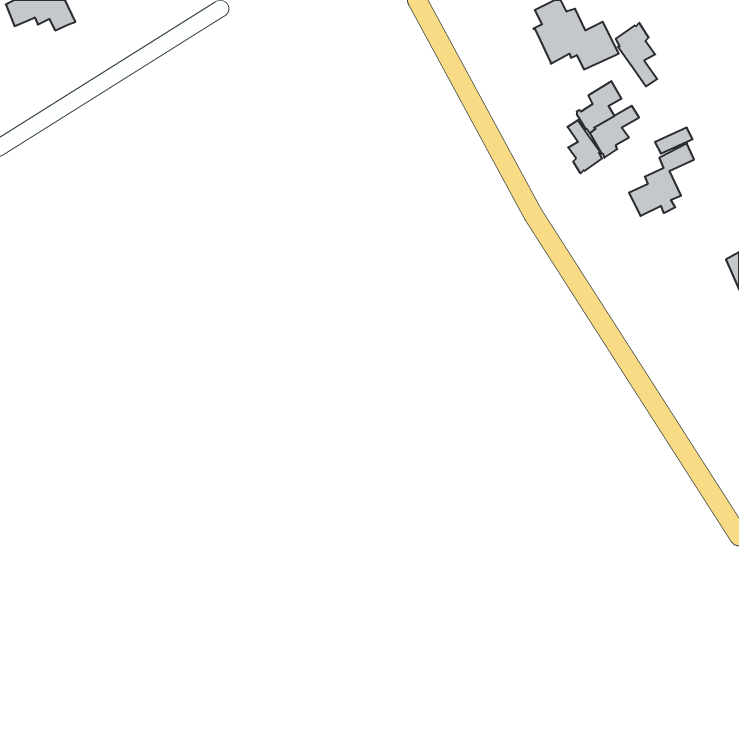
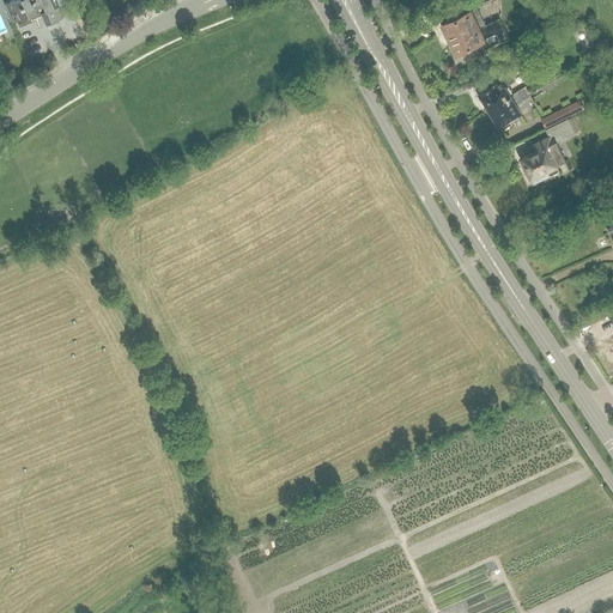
building: [616,23,657,86] -> none
building: [567,120,602,173] -> none

